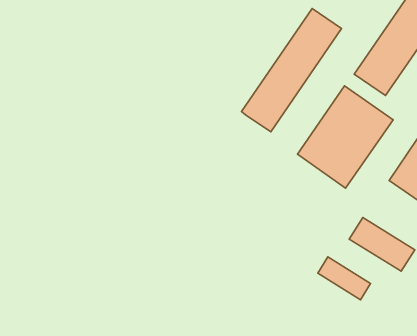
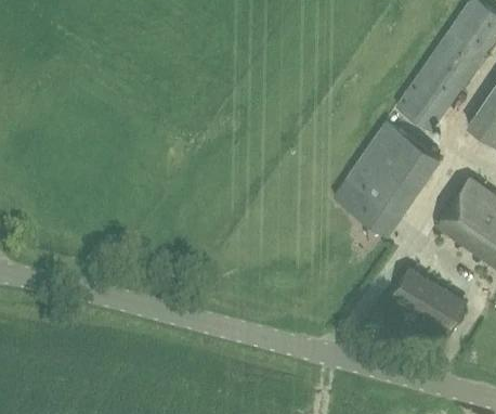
building: [241,8,342,132] -> none
building: [318,257,370,300] -> none

